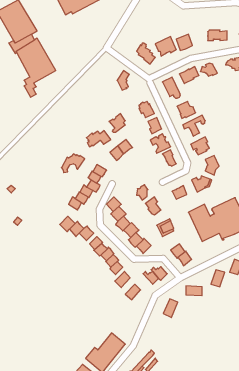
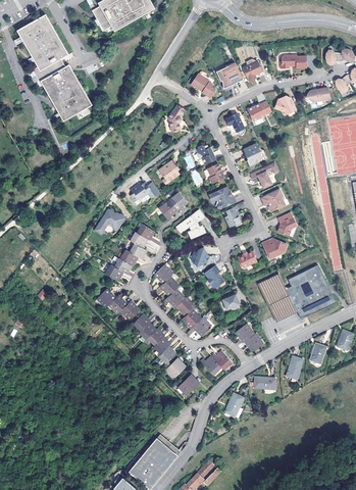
building: none -> [175,208,206,239]

